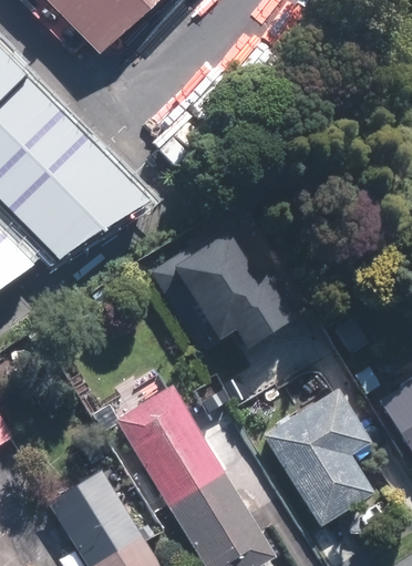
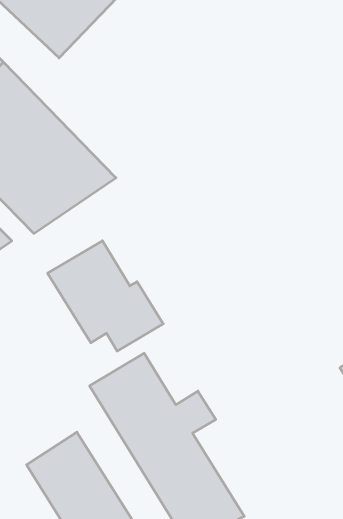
building: [174,230,296,347] -> [48,241,163,351]
building: [264,387,375,526] -> none

